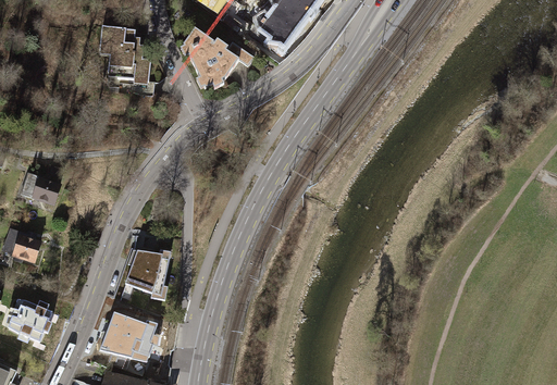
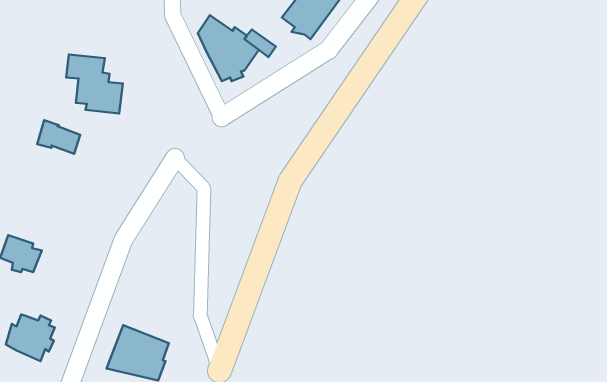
building: [98,26,149,79] -> [66,55,123,114]
building: [18,171,58,201] -> [37,120,80,154]
building: [123,248,169,298] -> none

